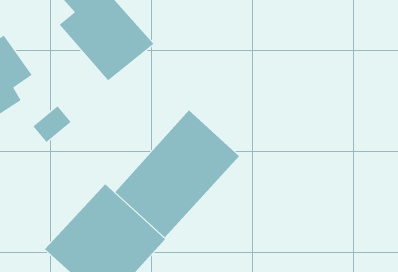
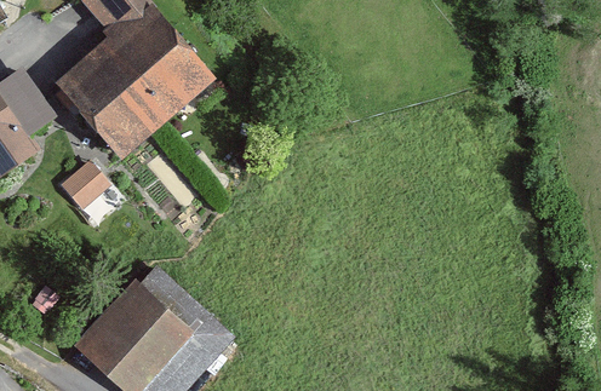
building: none -> [53,50,156,157]
building: [114,109,240,238] -> none

